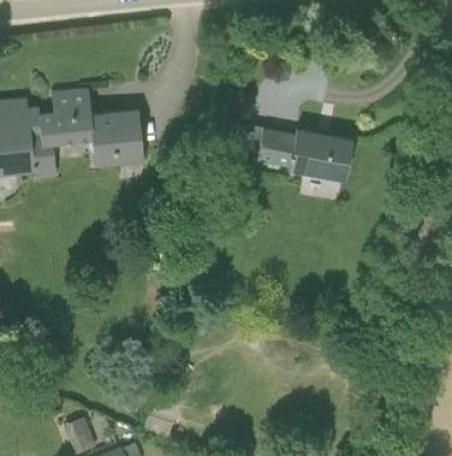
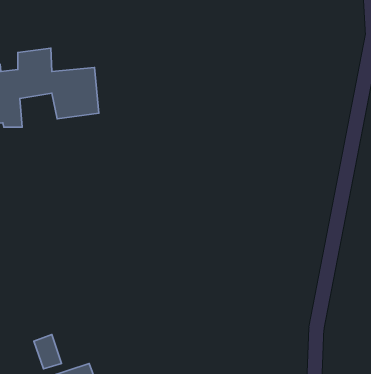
building: [256,128,351,178] -> none

